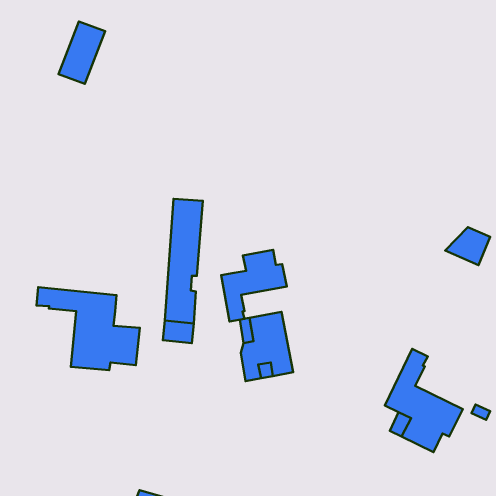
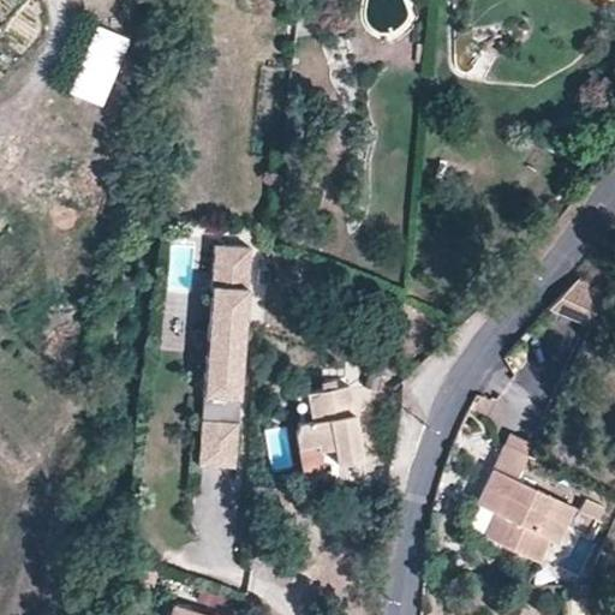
building: [221,250,287,322] -> none
building: [37,287,140,370] -> none
building: none -> [199,422,239,468]

